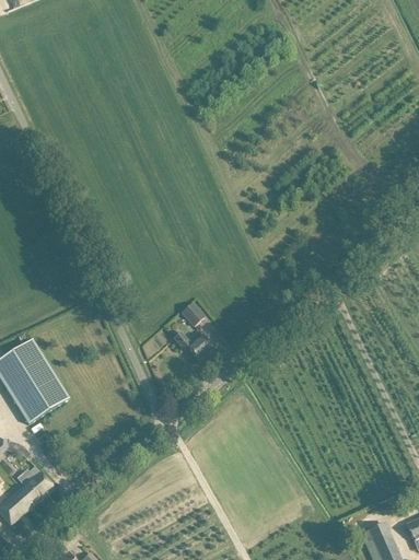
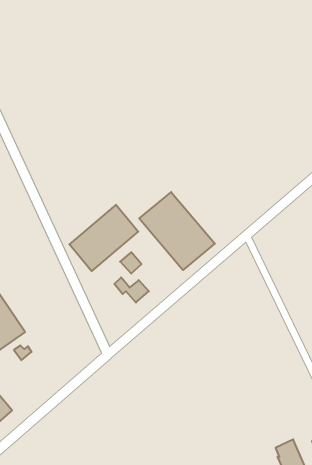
building: none -> [139,192,215,270]
building: none -> [69,205,138,271]

